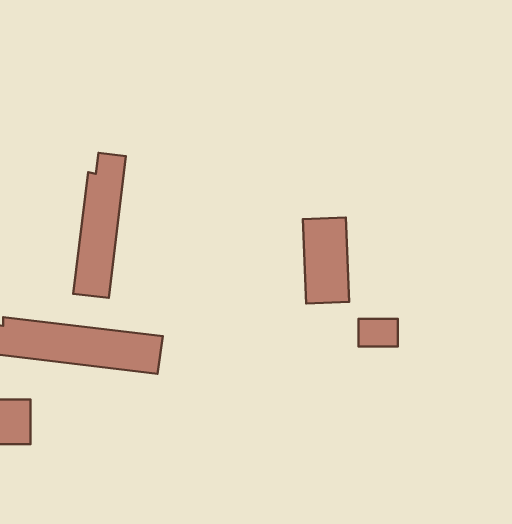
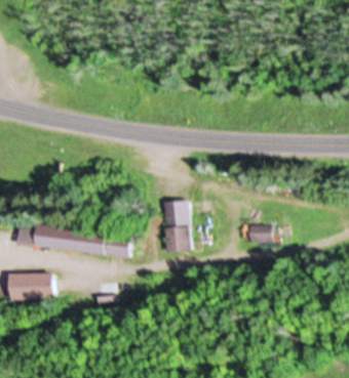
building: [73,153,126,298] -> none
building: [303,218,349,303] -> [164,202,192,253]

